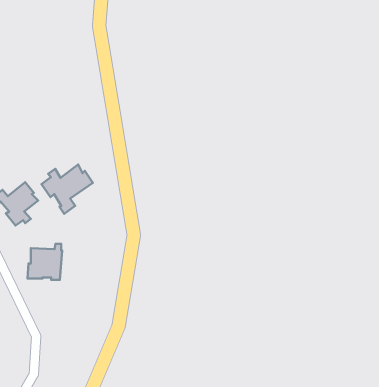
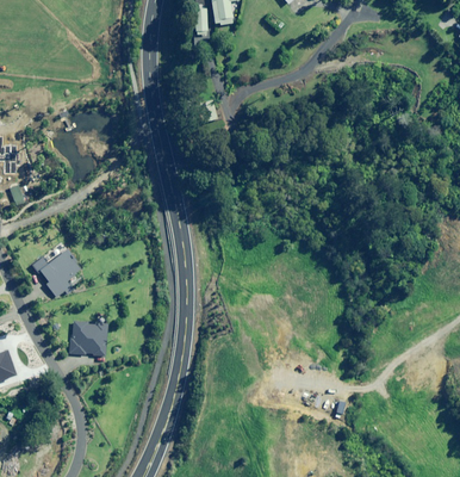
building: [42,165,93,214] -> none

